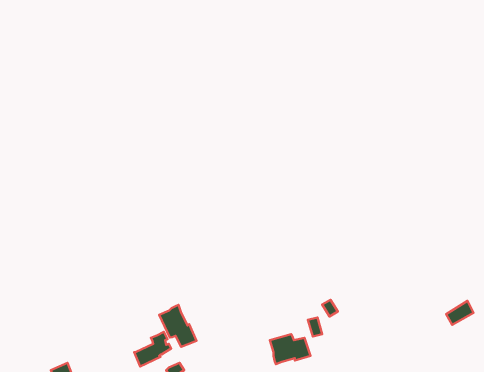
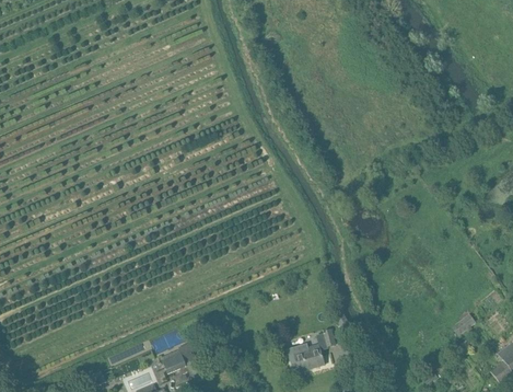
building: [159,305,196,347] -> none

